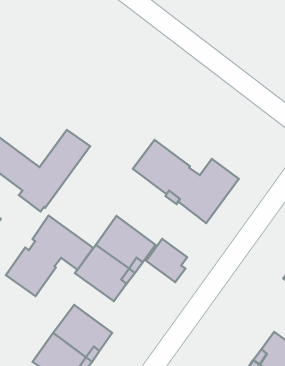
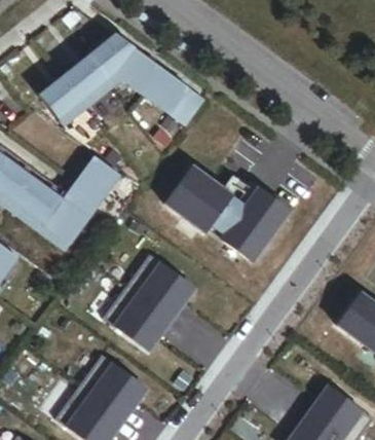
building: none -> [38,33,204,125]
building: [6,216,93,296] -> none
building: [146,239,187,282] -> none

